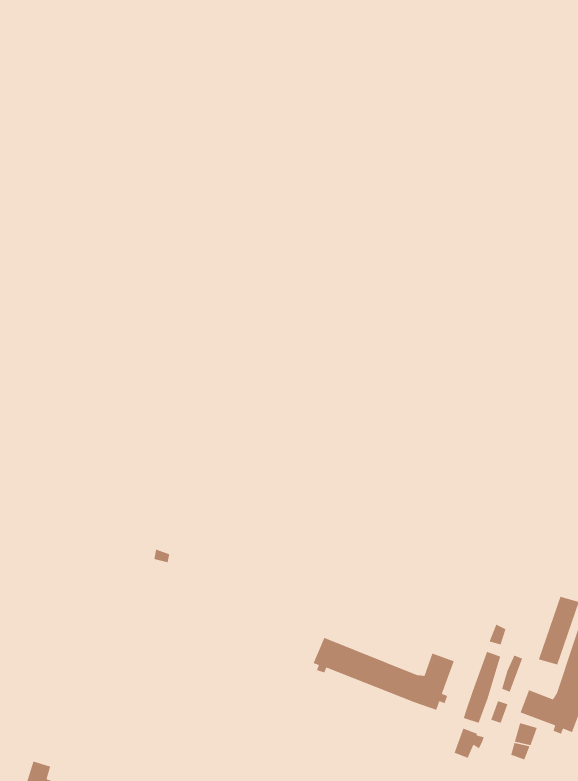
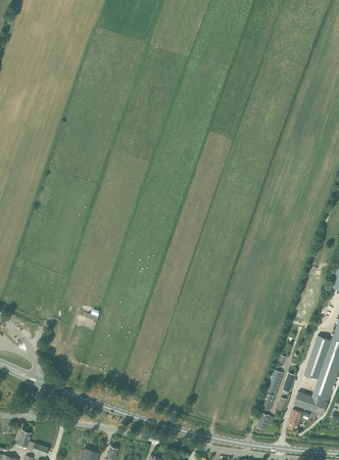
building: [313,637,455,711] -> none

